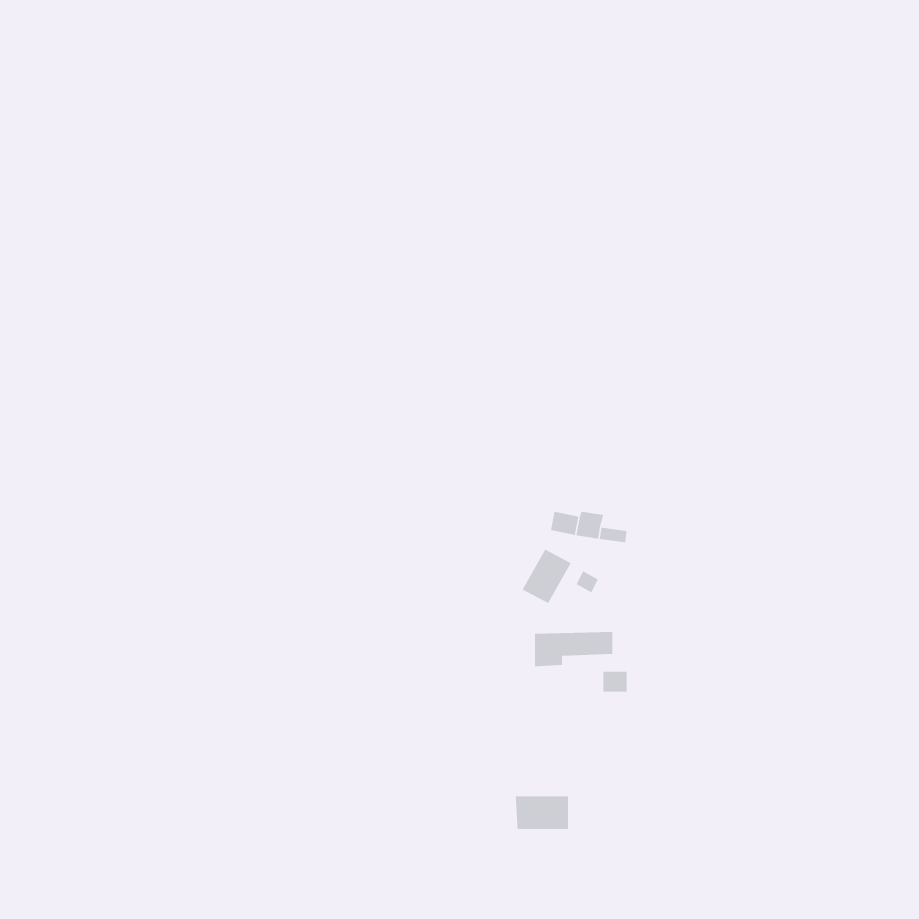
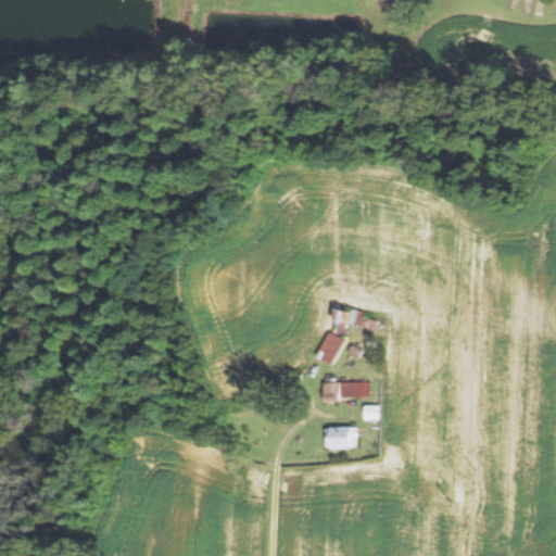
building: [515,796,569,830] -> [324,427,356,447]

